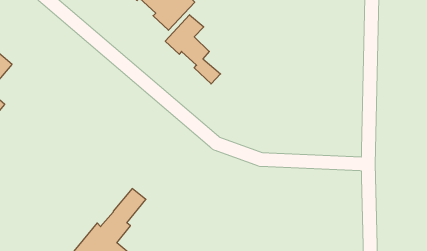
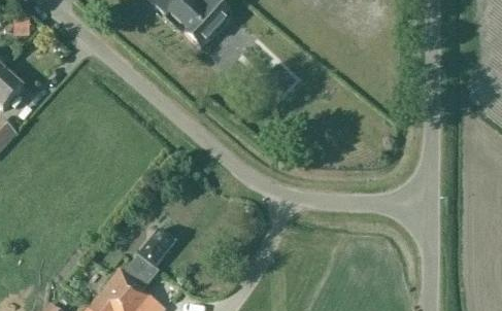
building: [165,15,221,84] -> none

